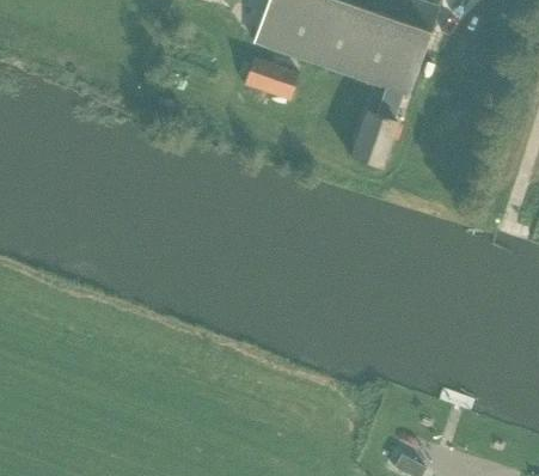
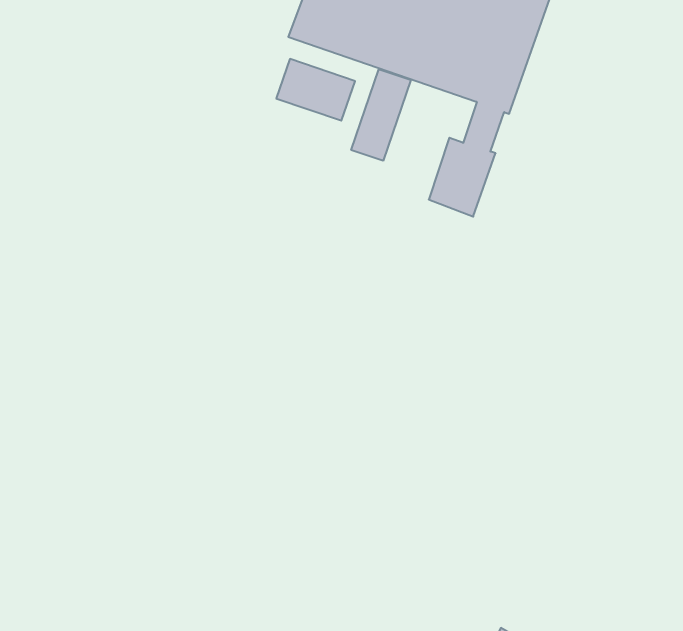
building: none -> [351,69,411,161]

